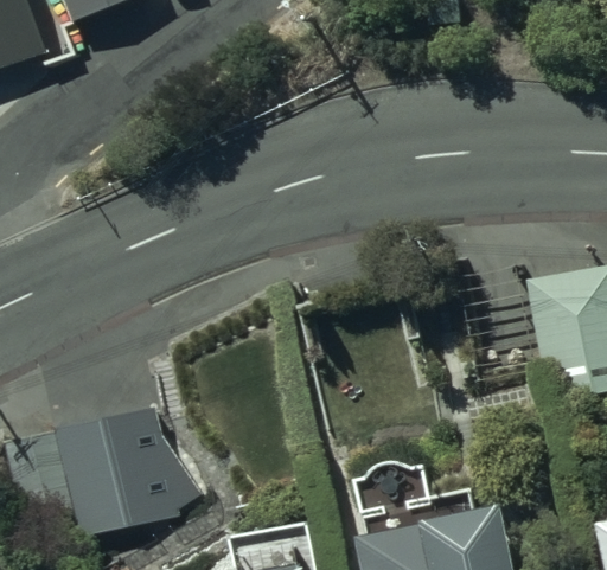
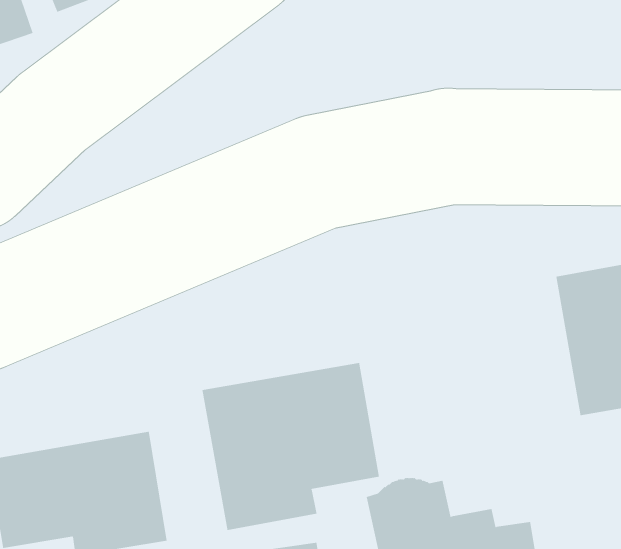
building: none -> [202,362,380,531]

